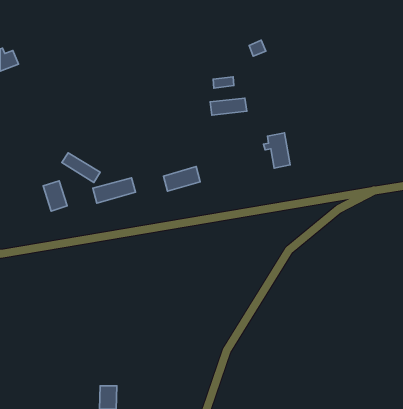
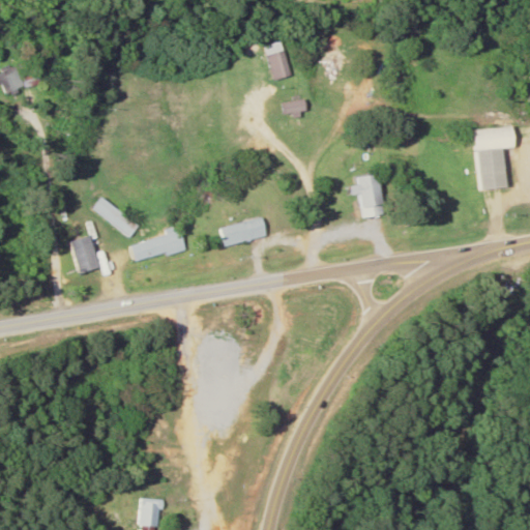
building: none -> [263,41,292,81]
building: none -> [472,126,518,189]
building: [210,98,247,115] -> none

